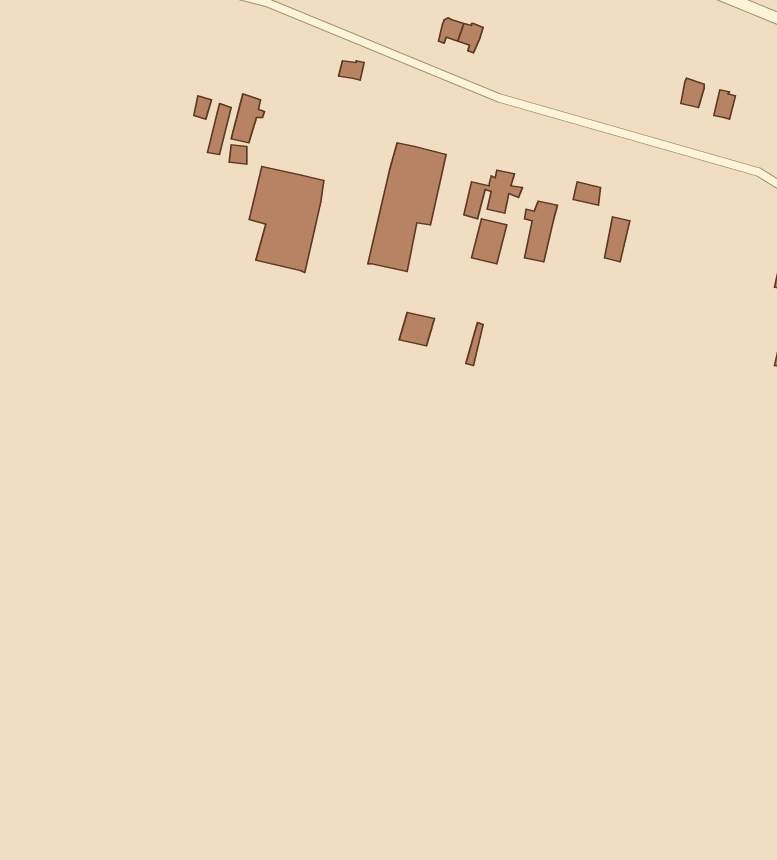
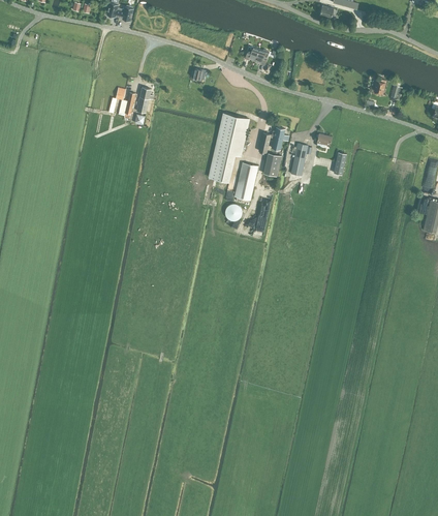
building: [249,167,324,272] -> none
building: none -> [233,162,258,201]

